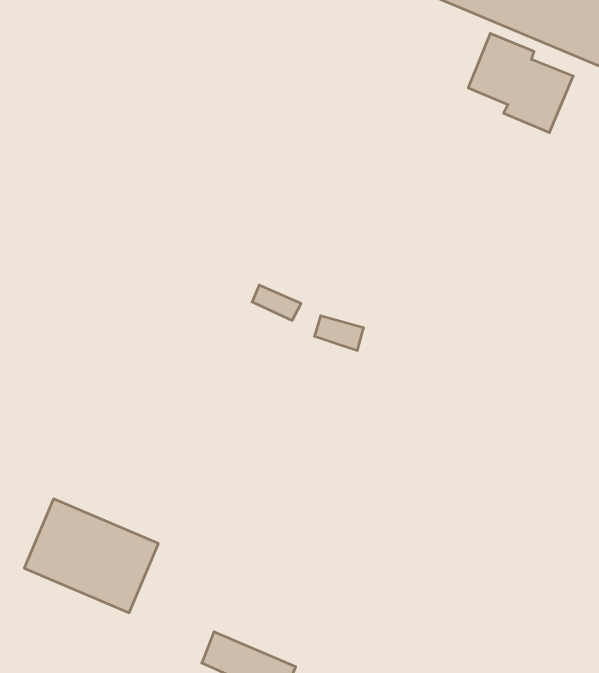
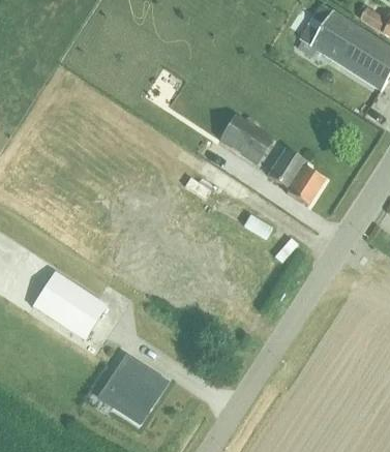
building: [468,33,573,133] -> [267,147,324,205]
building: none -> [219,114,271,161]

